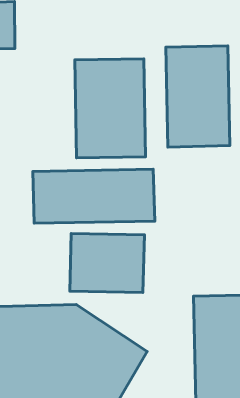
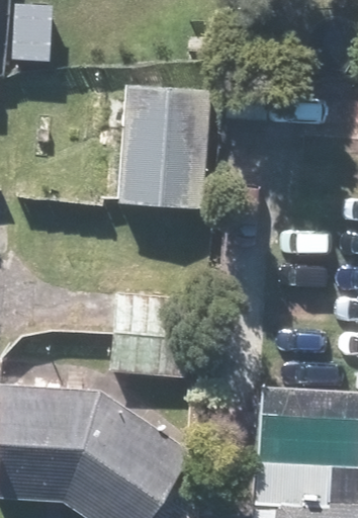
building: [166,46,230,147] -> none
building: [33,169,155,223] -> none

